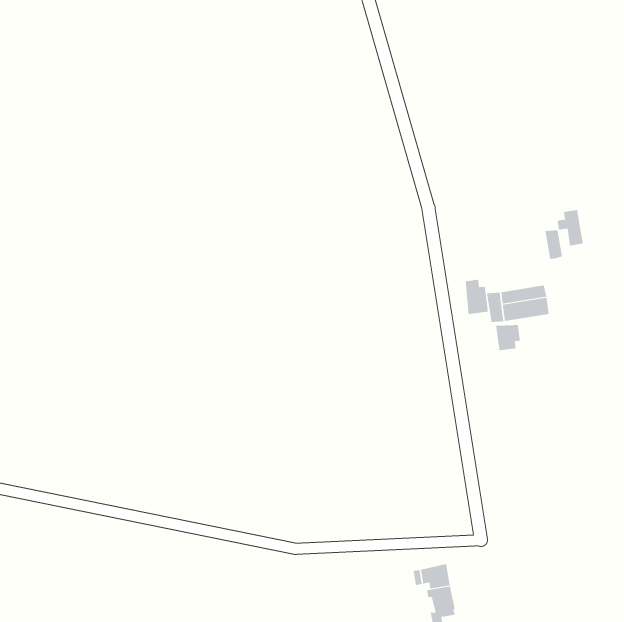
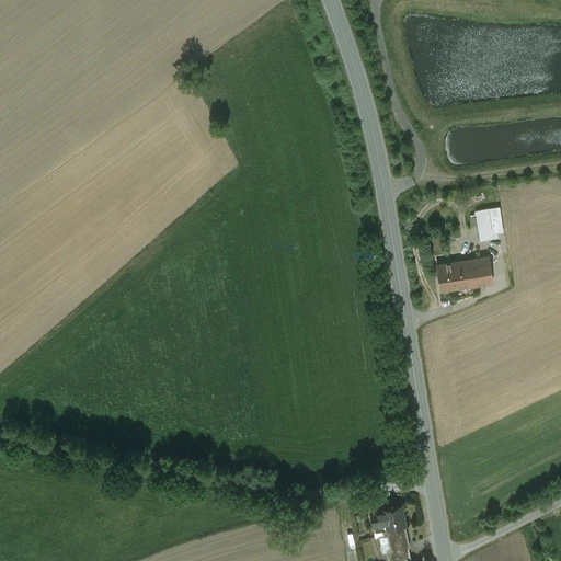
building: [557,209,584,246] -> [470,209,494,242]
building: [465,279,488,315] -> none
building: [496,324,521,351] -> none

